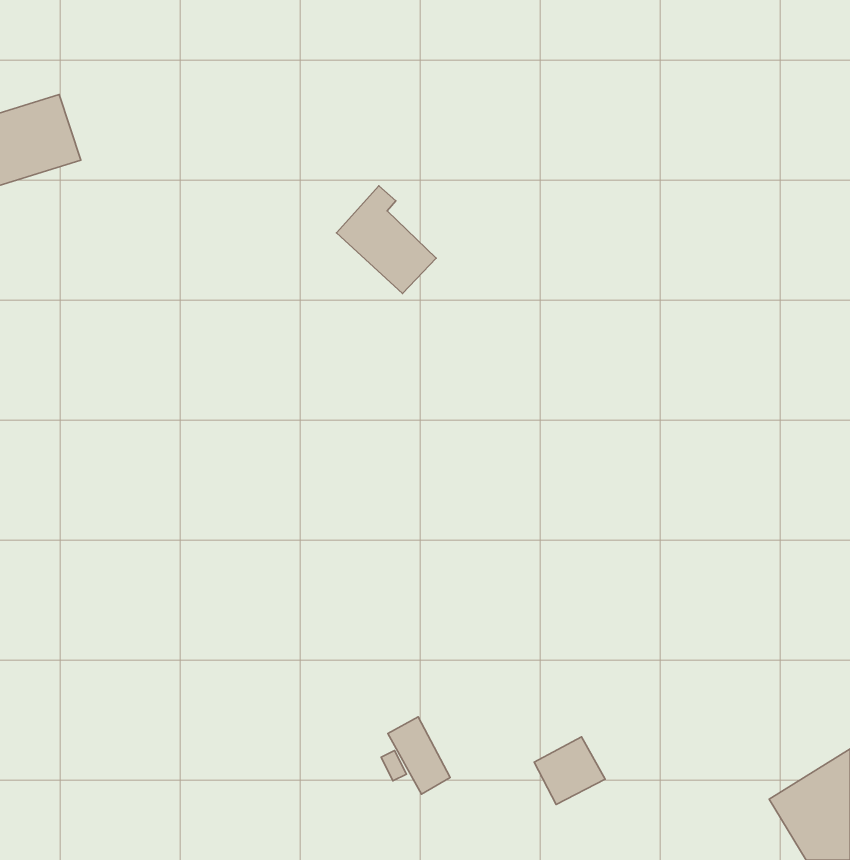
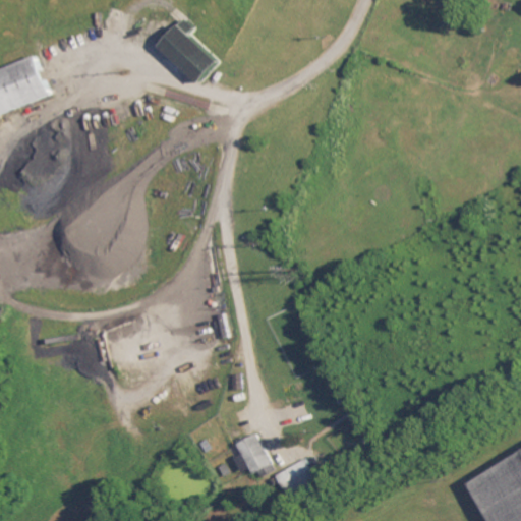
building: [337,186,436,294] -> [159,17,219,82]
building: [534,737,605,804] -> [272,458,314,499]

